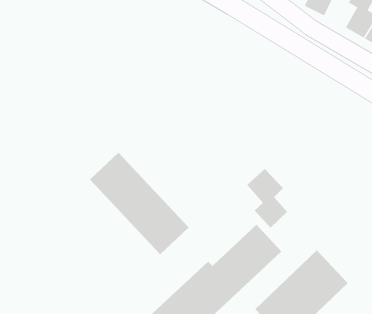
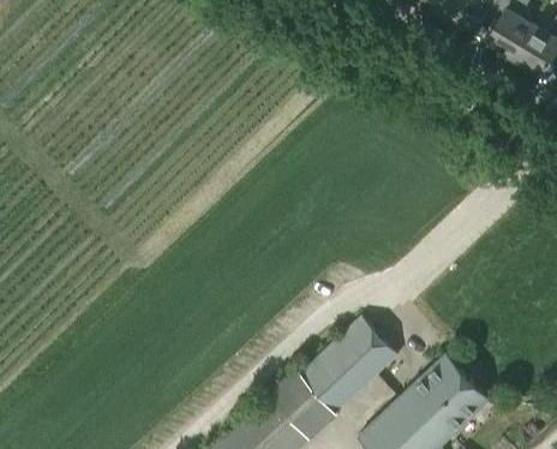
building: [89,152,189,255] -> none
building: [246,168,288,228] -> none

